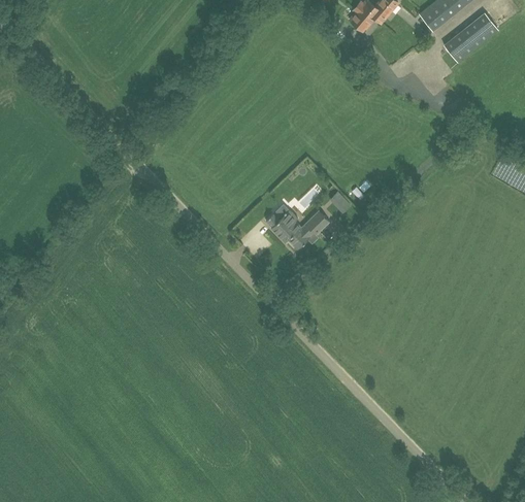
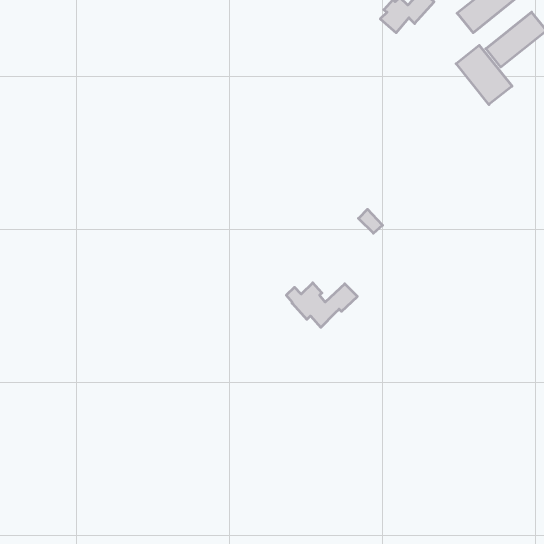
building: none -> [456,45,512,105]
building: [266,209,330,249] -> [286,283,357,327]

